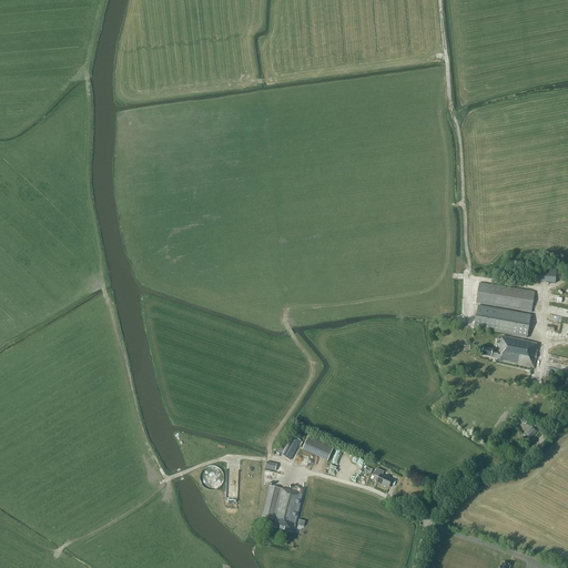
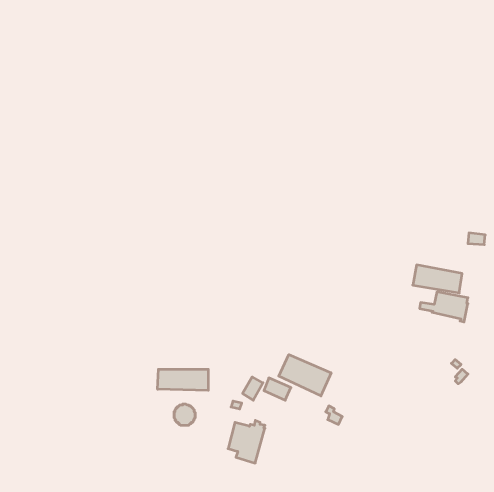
building: [476,282,535,311] -> none
building: none -> [279,355,331,396]
building: none -> [158,369,208,390]

